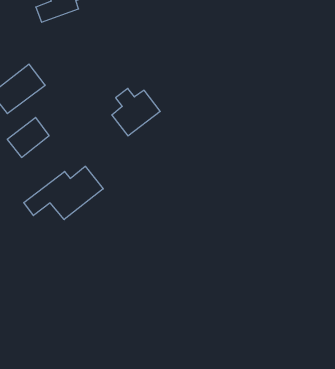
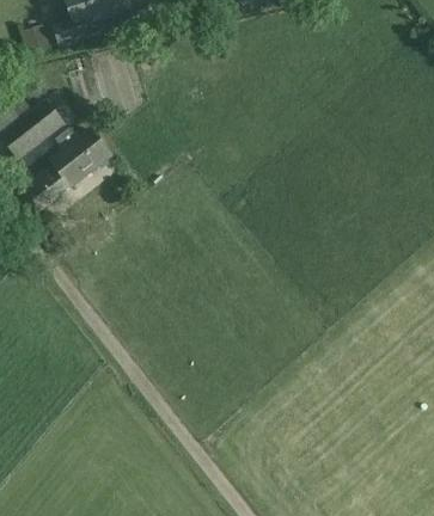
building: [112,88,160,136] -> [54,123,115,183]
building: [24,166,103,220] -> none

